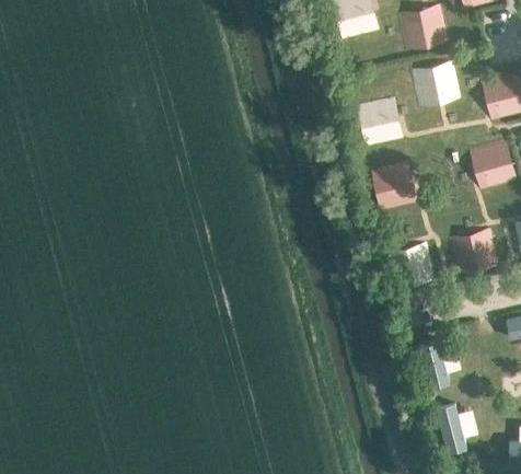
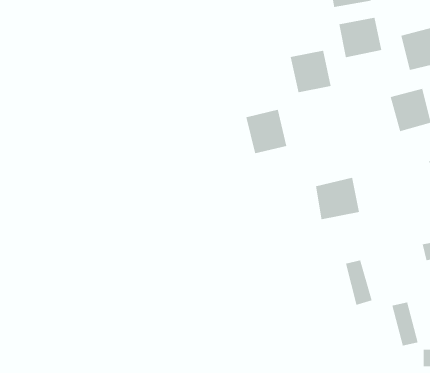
building: [370,162,417,212] -> [246,109,287,154]
building: [449,229,497,275] -> none
building: [435,400,465,450] -> [391,302,419,346]

